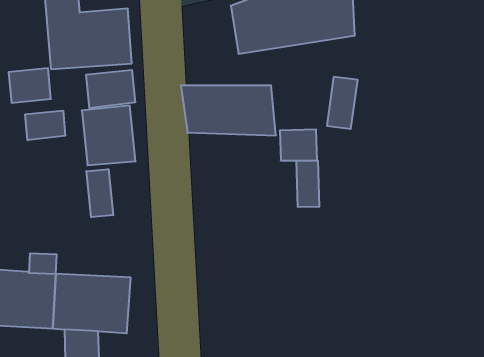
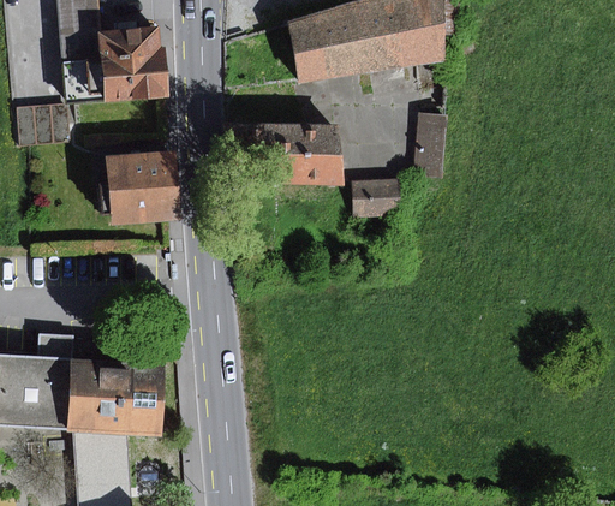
building: [86,70,135,108] -> none
building: [25,111,65,140] -> none
building: [297,160,319,207] -> none
building: [86,169,113,217] -> none

